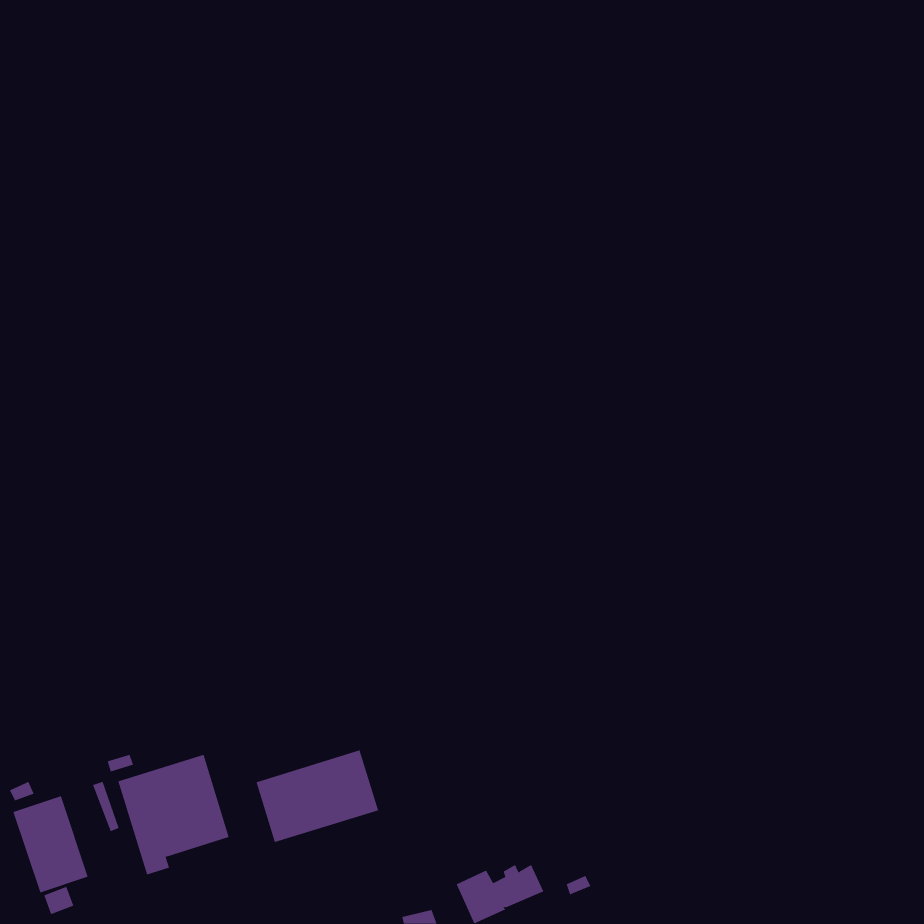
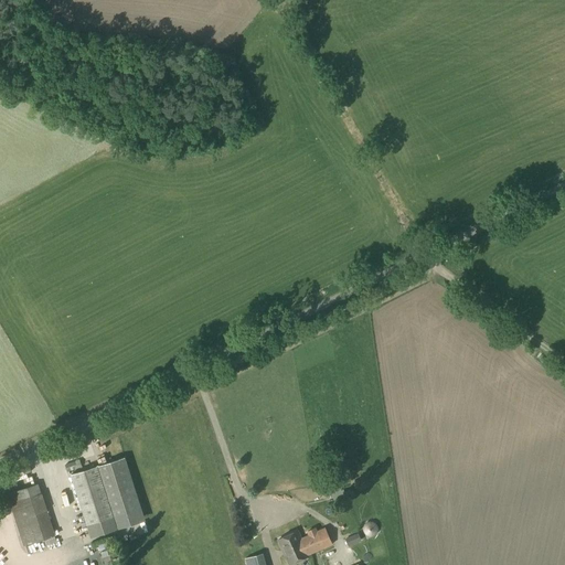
building: [256,750,379,843] -> none

